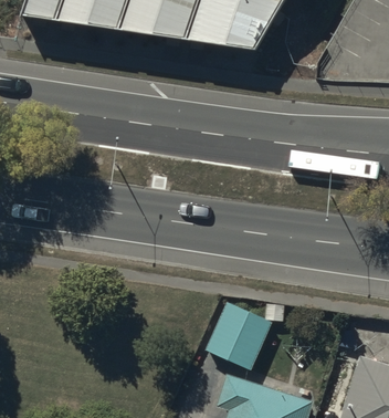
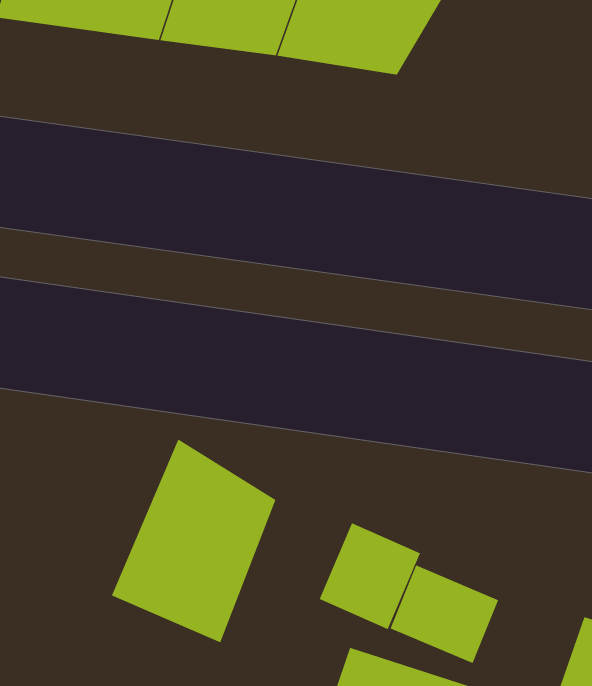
building: none -> [111,439,276,643]
building: none -> [390,564,499,664]

